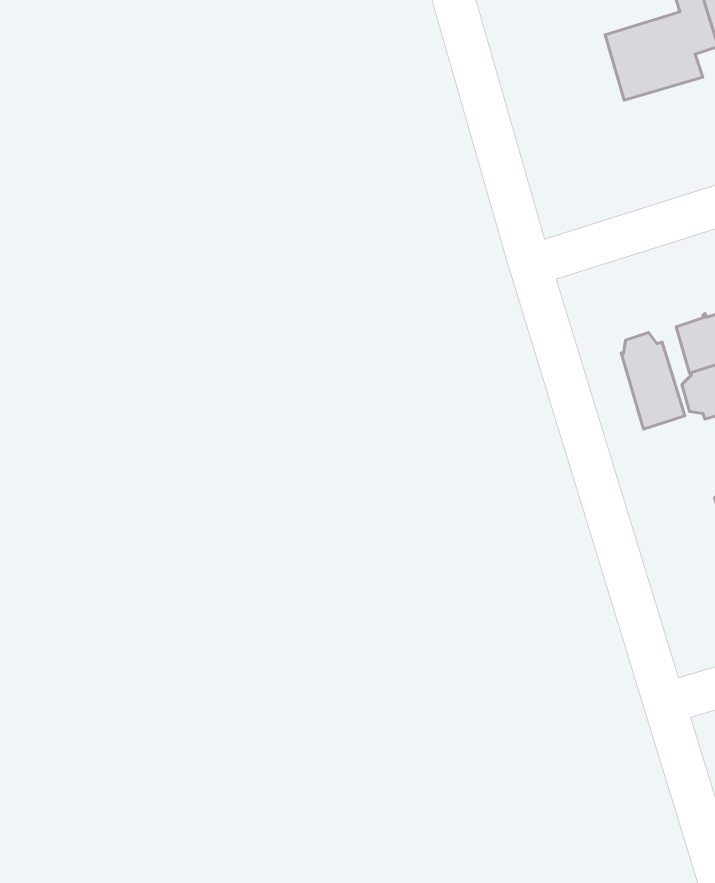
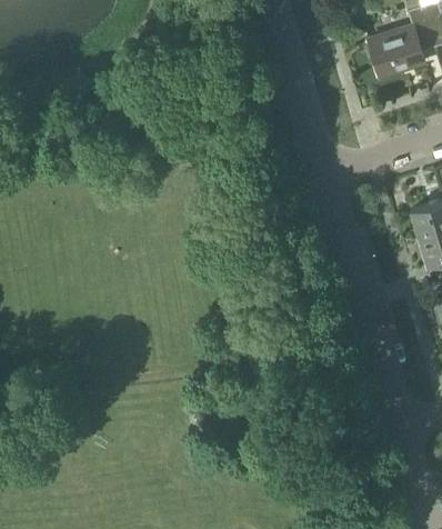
building: [621,333,685,429] -> none

